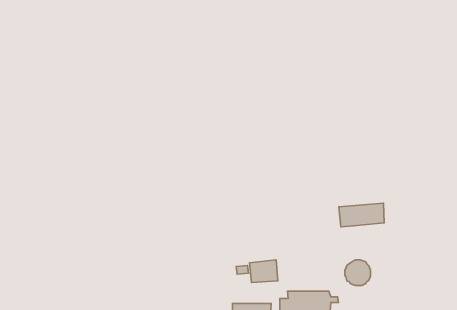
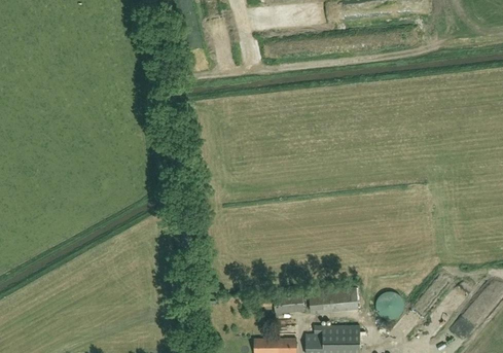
building: [339,203,384,227] -> [309,287,358,313]

